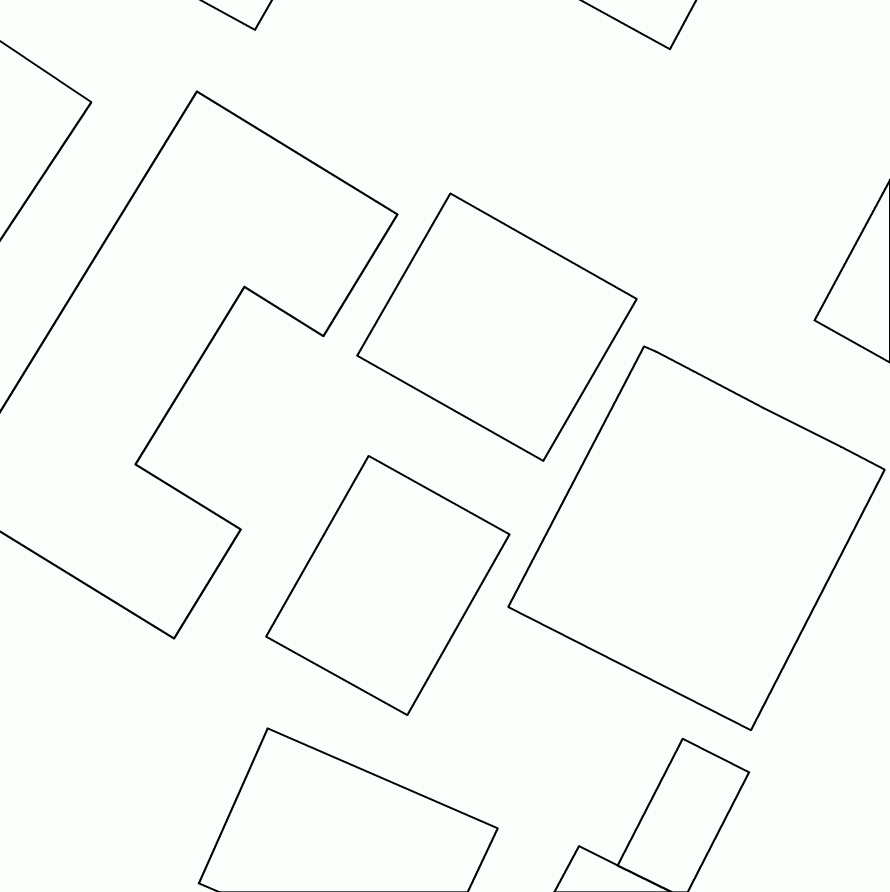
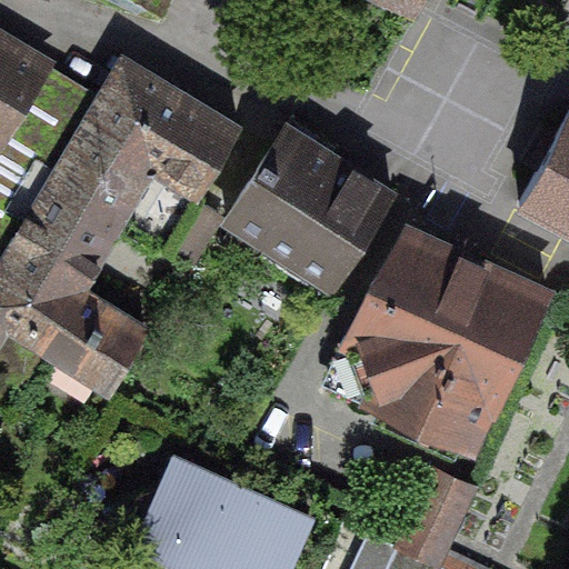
building: [266,456,510,715] -> none

